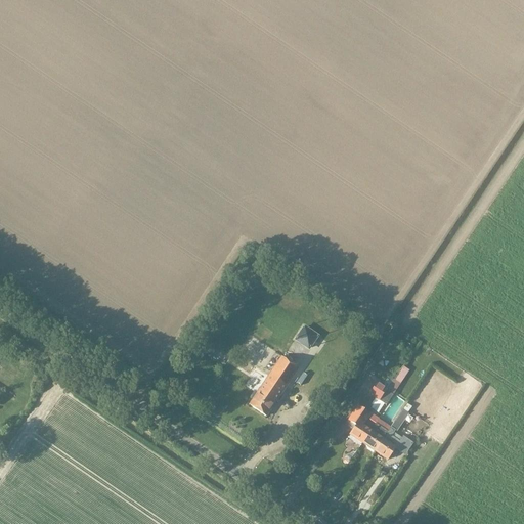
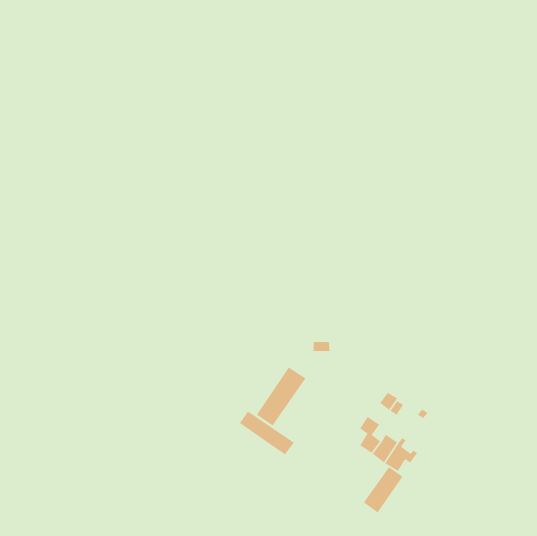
building: none -> [239,410,295,455]
building: none -> [363,466,404,514]

